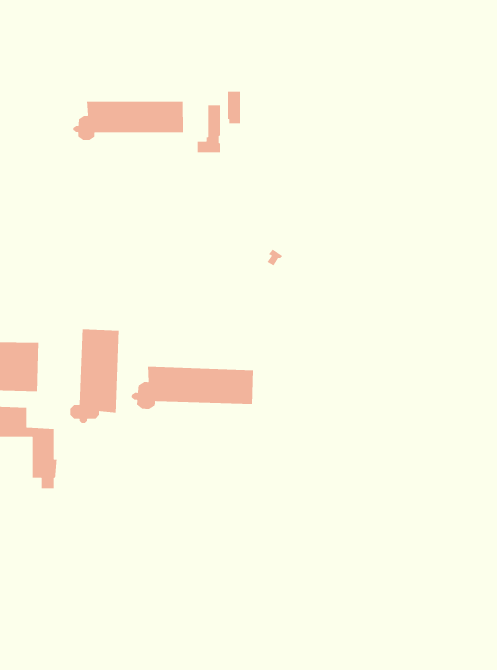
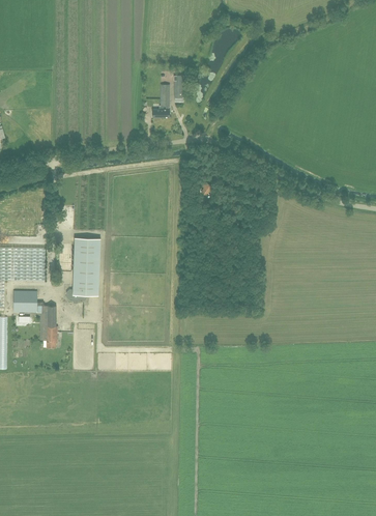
building: [72,101,184,141] -> none
building: [131,366,254,410] -> none

